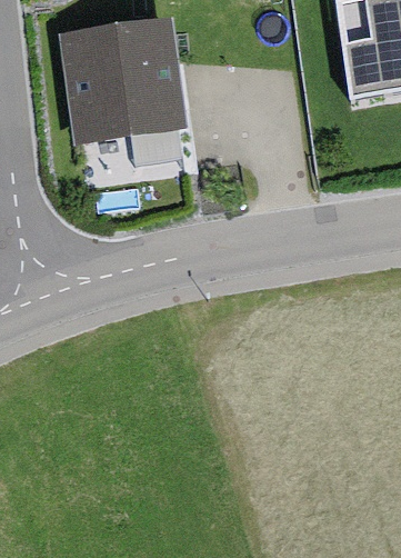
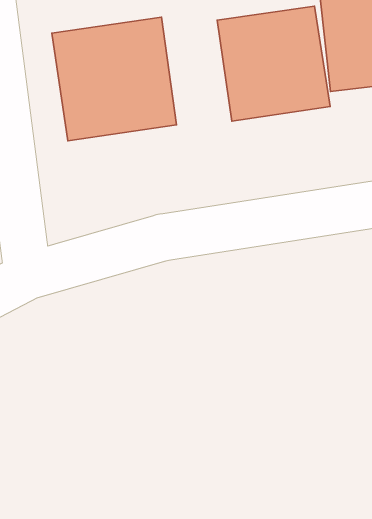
building: none -> [217,6,330,121]

